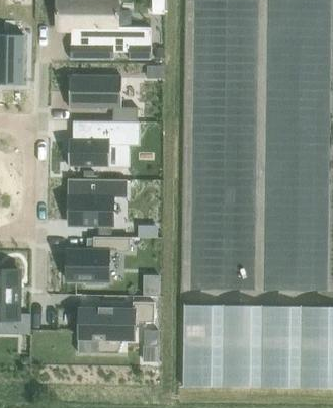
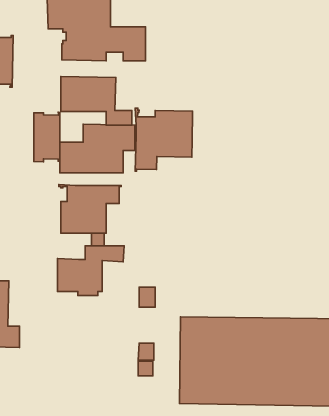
building: none -> [135,108,193,171]
building: none -> [34,112,60,162]
building: [79,301,154,351] -> none

